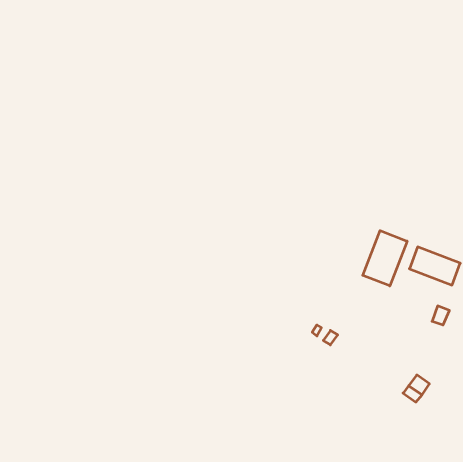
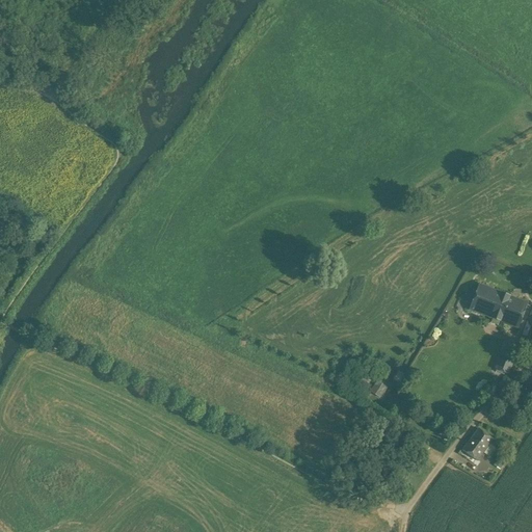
building: [363,231,407,286] -> none

